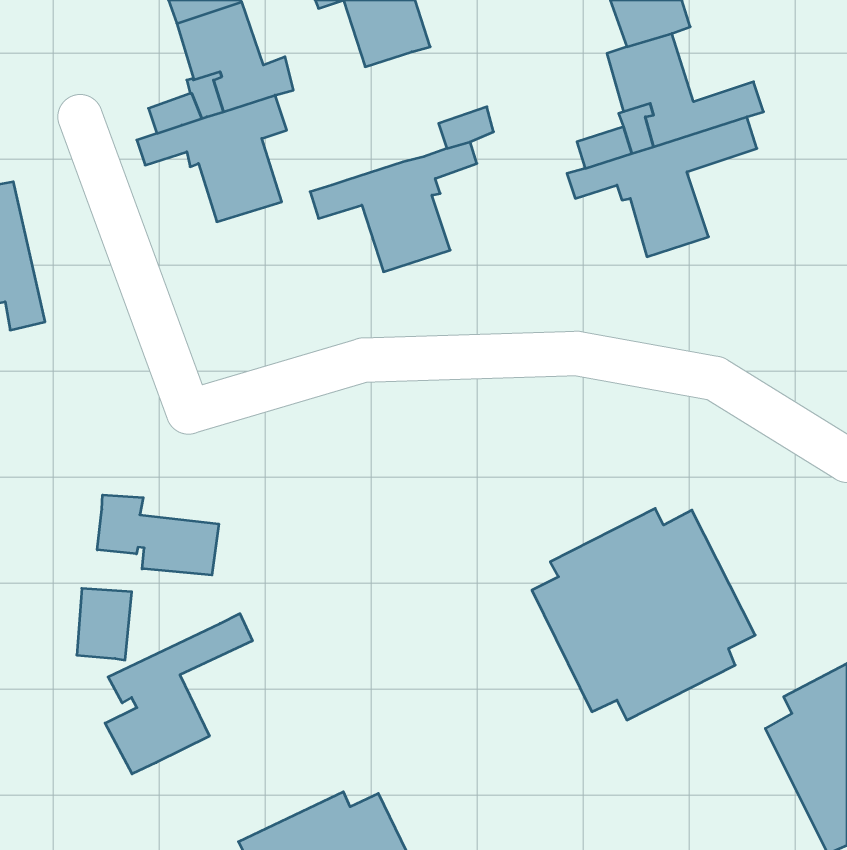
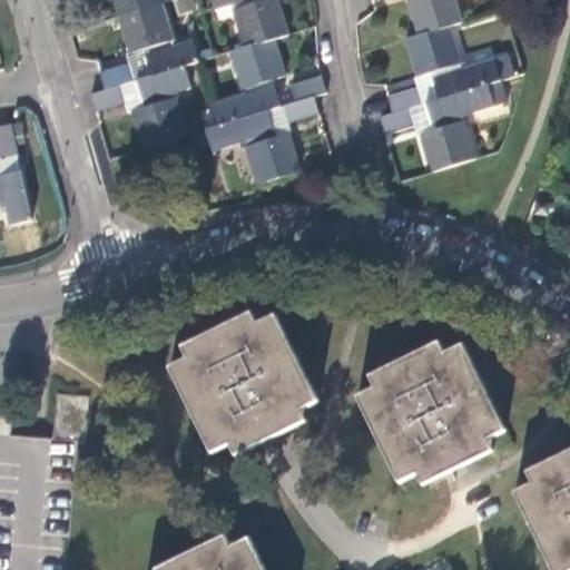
building: none -> [224,36,286,121]
building: none -> [169,308,317,451]
building: [97,495,219,575] -> none
building: [105,614,252,774] -> none

